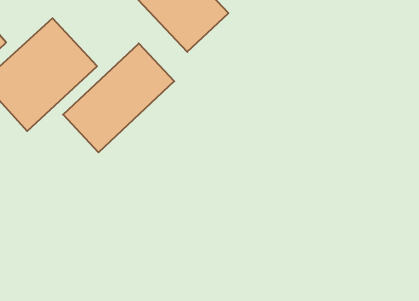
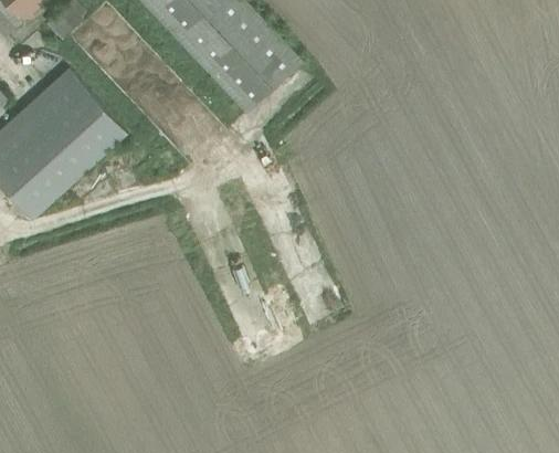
building: [63,43,174,152] -> none

